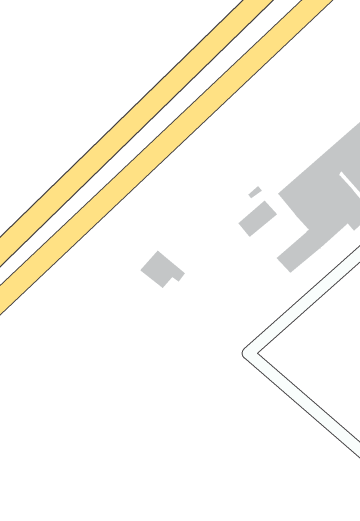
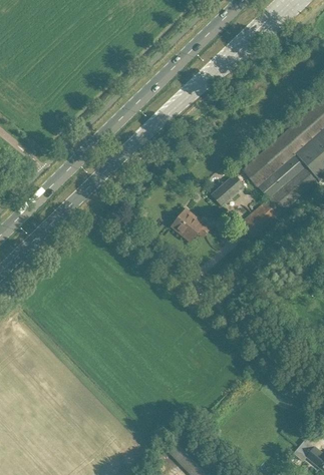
building: [139,250,186,289] -> [171,210,209,243]

